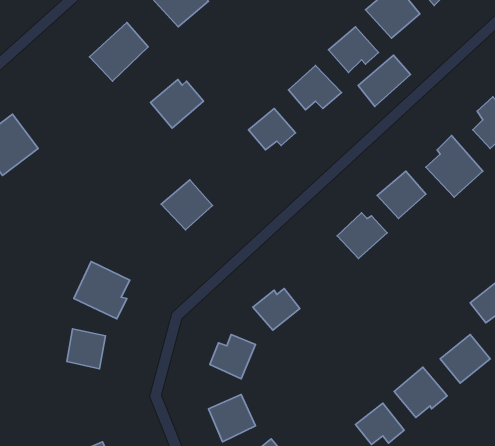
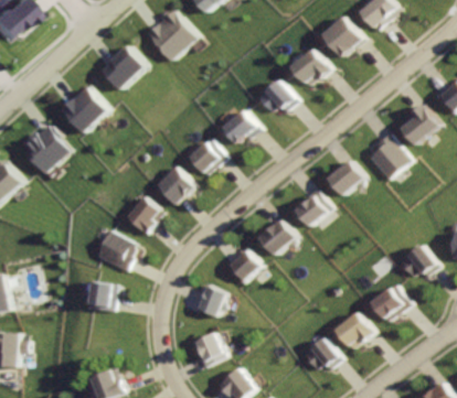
building: [358,55,410,106] -> none
building: none -> [63,88,109,133]
building: [151,80,204,128] -> [193,141,234,179]
building: none -> [126,196,164,237]
building: none -> [263,219,301,258]

